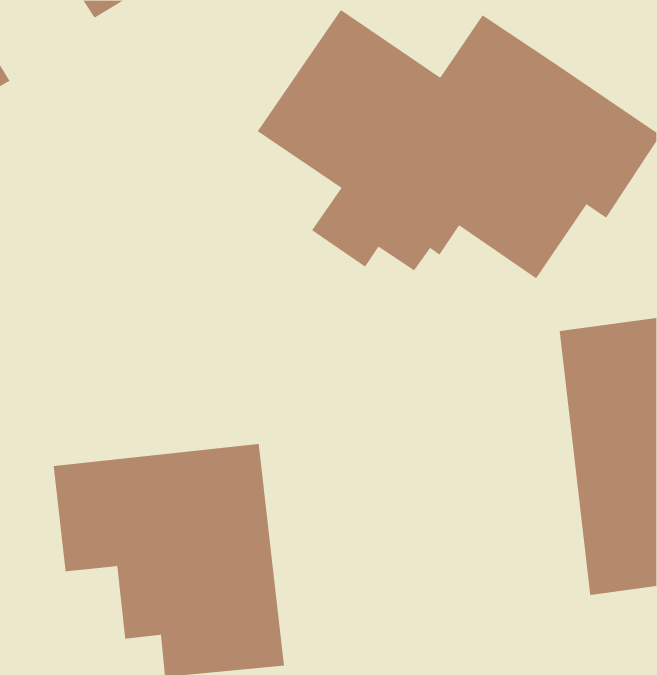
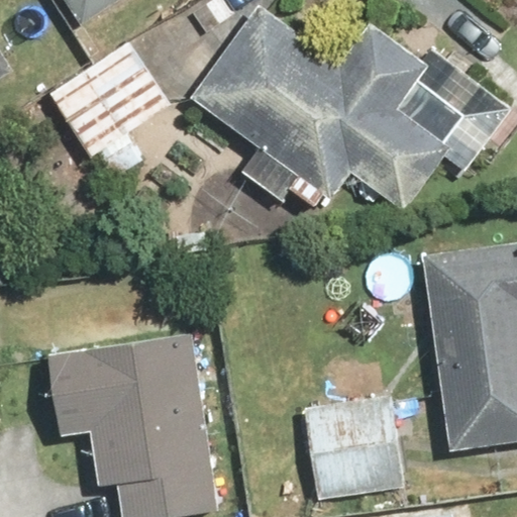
building: none -> [45,40,174,162]
building: none -> [302,395,408,500]

